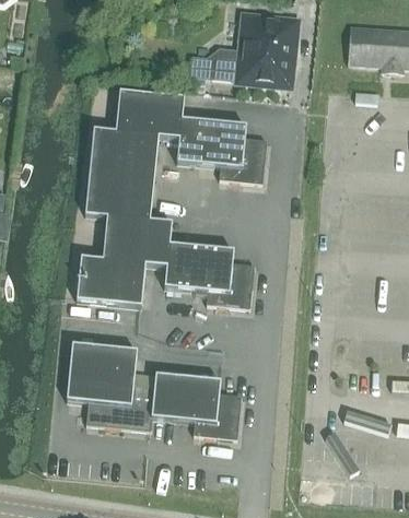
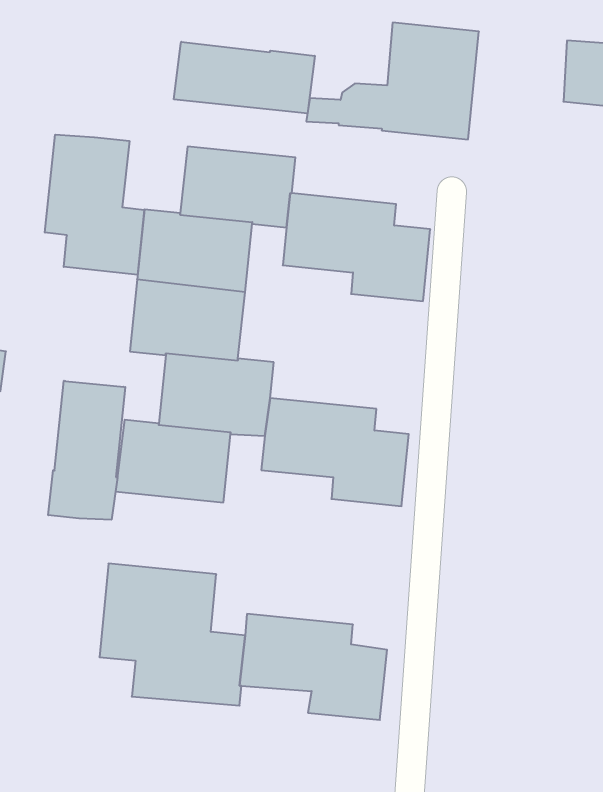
building: none -> [174,42,315,114]
building: none -> [45,135,144,275]
building: none -> [48,381,125,520]

